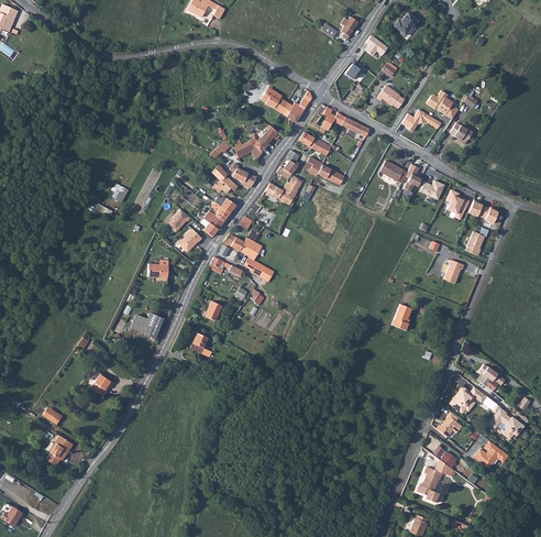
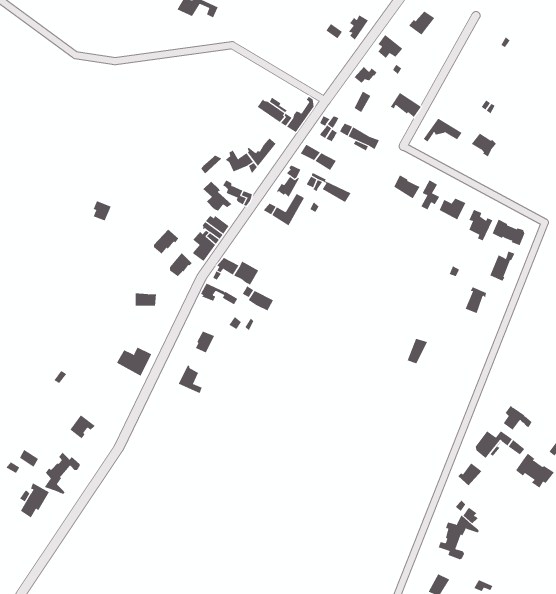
building: [427,90,460,119] -> none
building: none -> [44,452,80,495]
building: [476,442,510,469] -> none

